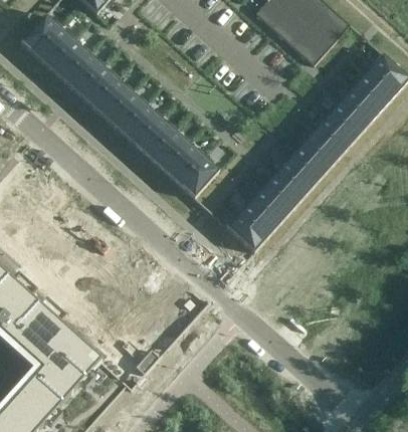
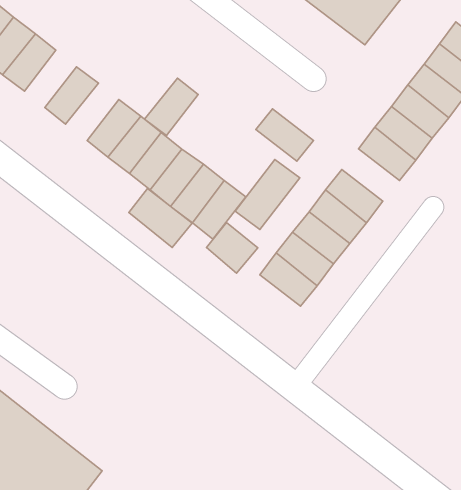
building: [63,51,103,92] -> none
building: [91,77,132,119] -> [145,78,198,136]
building: [290,139,332,178] -> [256,109,313,161]
building: none -> [235,159,300,229]
building: none -> [129,189,192,248]
building: none -> [207,223,258,273]

